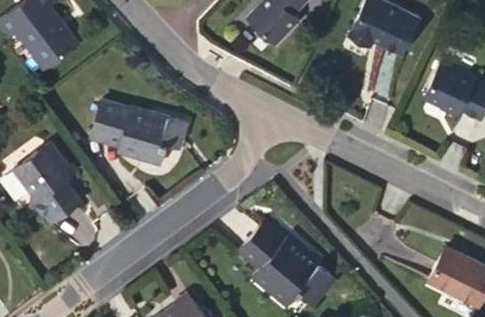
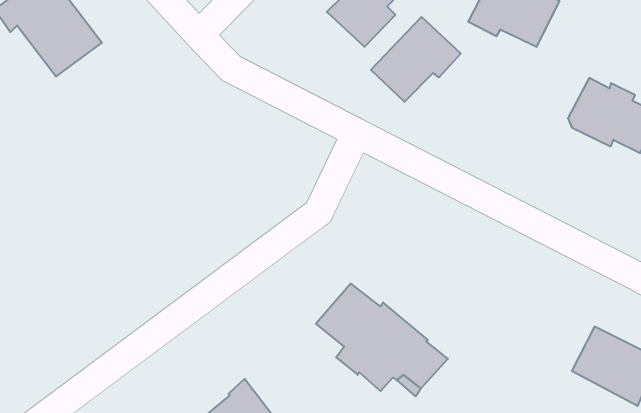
building: none -> [371,17,461,102]
building: [88,98,185,161] -> none
building: [10,139,81,222] -> none

